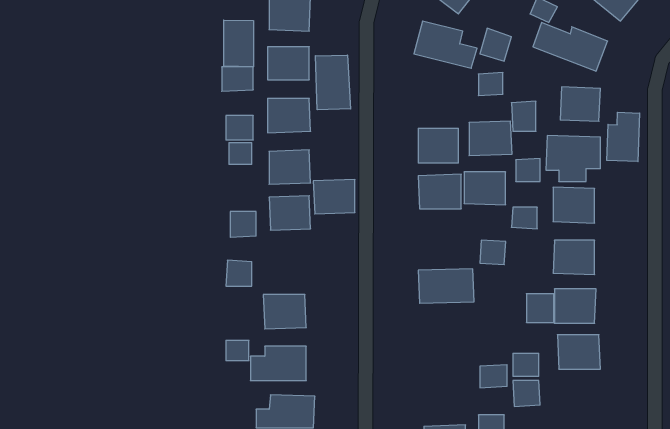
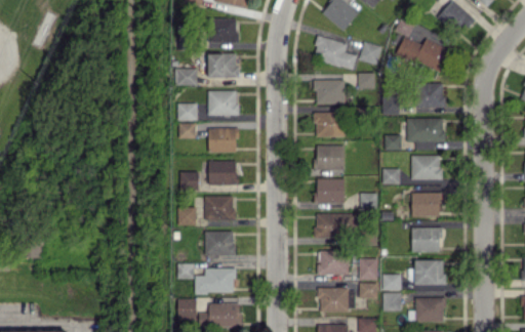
building: [224,20,253,67] -> none
building: [315,55,351,110] -> none
building: [607,112,640,162] -> none
building: [469,121,512,156] -> [315,80,346,105]
building: [464,172,506,205] -> [316,179,346,203]
building: [313,180,355,214] -> [204,196,234,220]
building: [526,294,554,322] -> [359,259,378,280]
building: none -> [317,250,349,275]
building: none -> [319,288,348,313]
building: none -> [414,297,447,322]
building: none -> [177,298,197,319]

